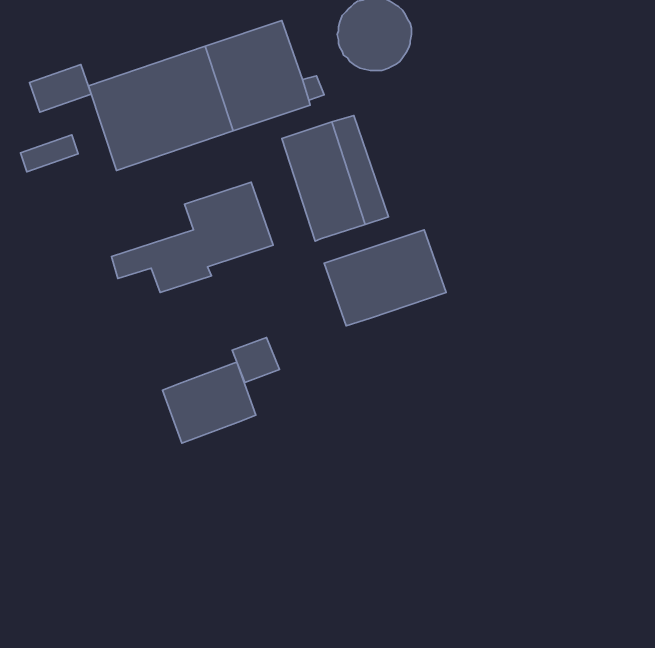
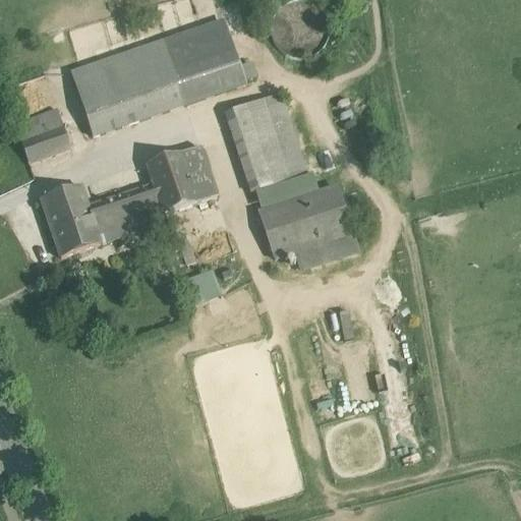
building: [30,65,91,112] -> [21,122,70,160]
building: none -> [254,170,319,208]
building: none -> [41,183,127,255]
building: none -> [294,232,359,270]
building: [162,362,256,443] -> none

